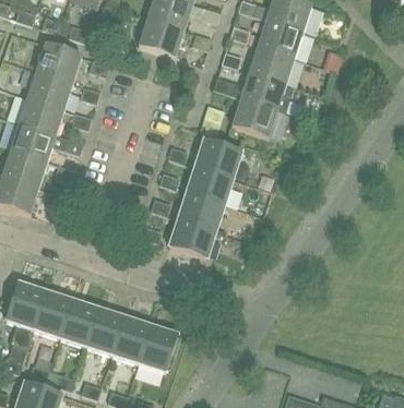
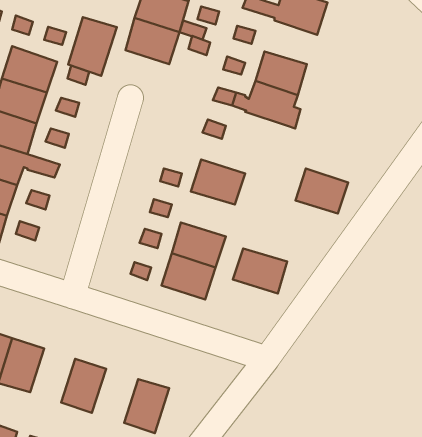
building: none -> [68,17,117,76]
building: [258,20,302,57] -> none
building: [233,97,277,135] -> [295,168,348,213]
building: [187,165,233,203] -> [233,249,287,294]
building: [59,298,97,344] -> none
building: [111,315,151,361] -> none

